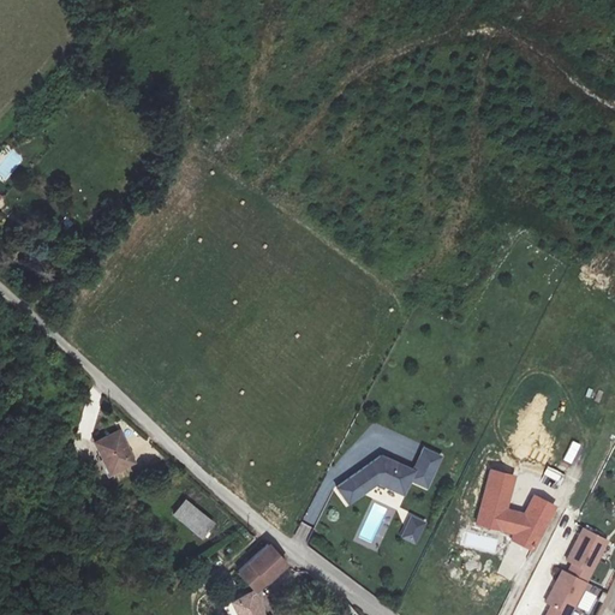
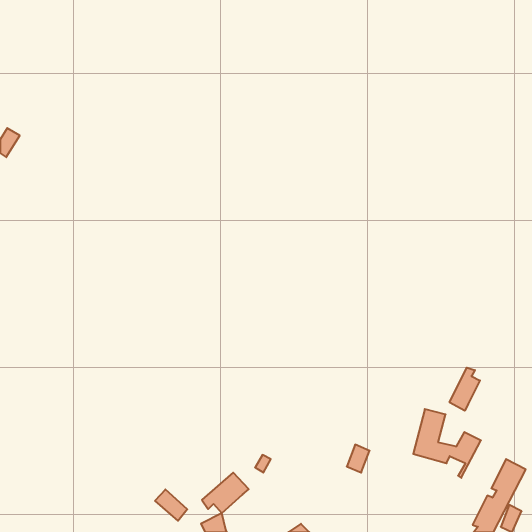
building: none -> [450,368,480,411]
building: [94,435,135,476] -> none
building: [335,448,442,503] -> none
building: [173,500,210,536] -> [155,489,187,521]

